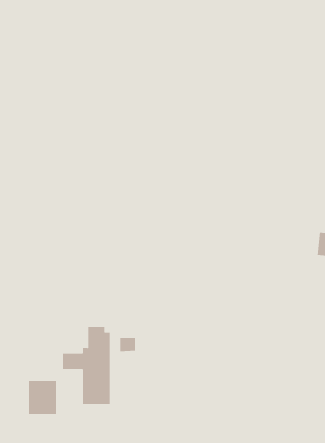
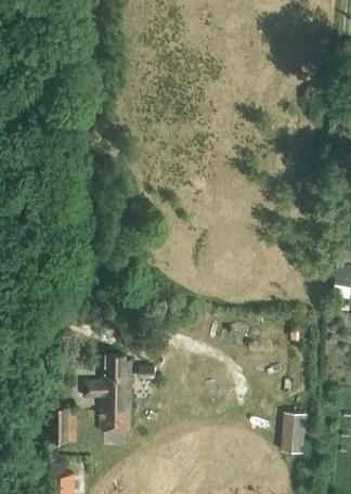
building: none -> [284,410,310,451]

